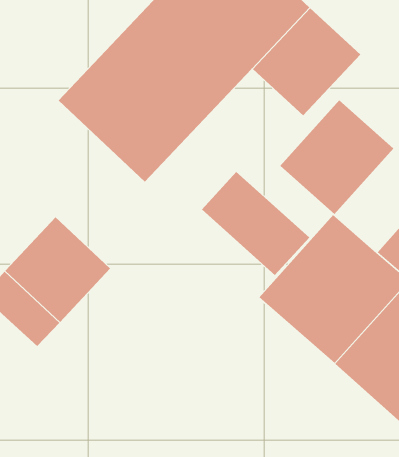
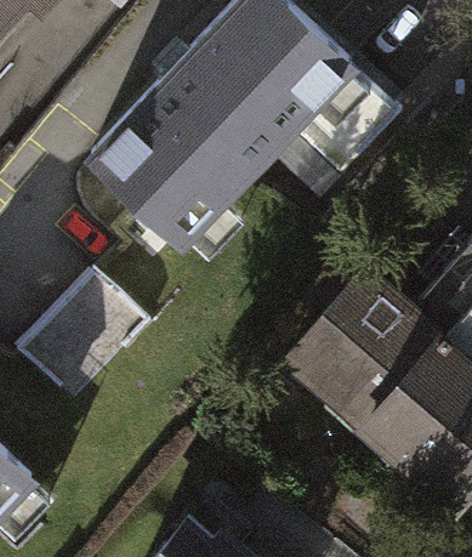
building: [280,99,394,215] -> none
building: [201,171,310,276] -> none

